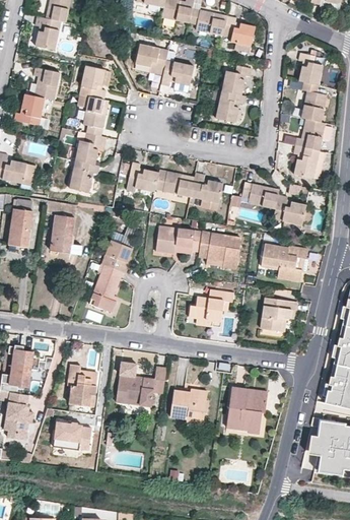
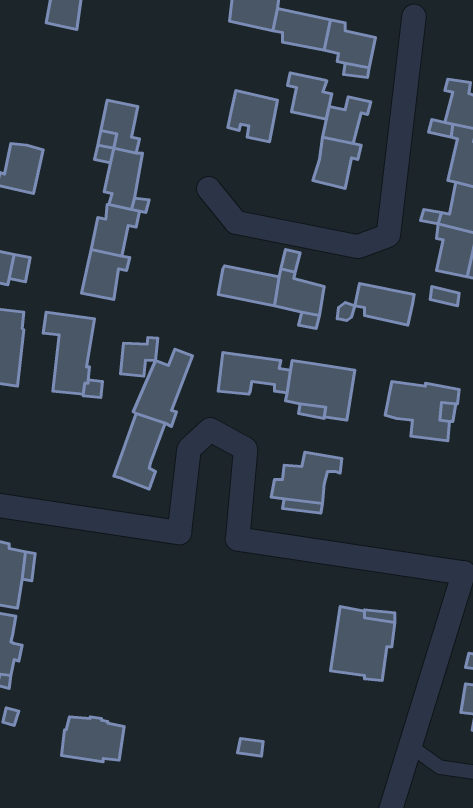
building: [36,15,61,50] -> none
building: [135,44,167,73] -> none
building: none -> [287,73,332,119]
building: [34,67,59,100] -> none
building: [127,162,158,192] -> none
building: [273,195,305,223] -> none
building: none -> [121,338,158,376]
building: [259,297,294,330] -> none
building: [116,361,166,406] -> none
building: [69,364,97,405] -> none
building: [170,390,208,424] -> none
building: [51,420,90,449] -> [61,717,124,762]

